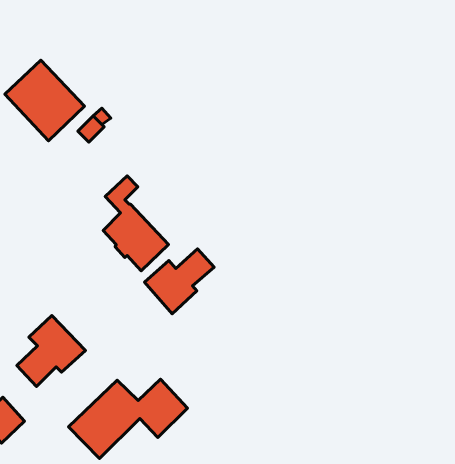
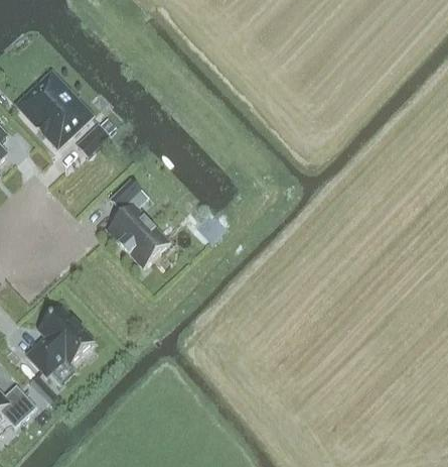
building: [145,249,214,314] -> none
building: [68,379,188,459] -> none

